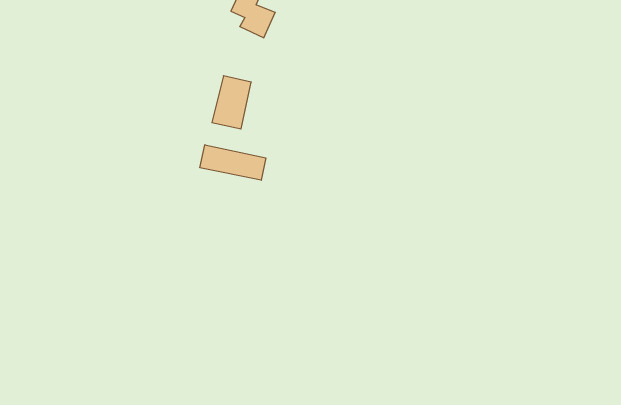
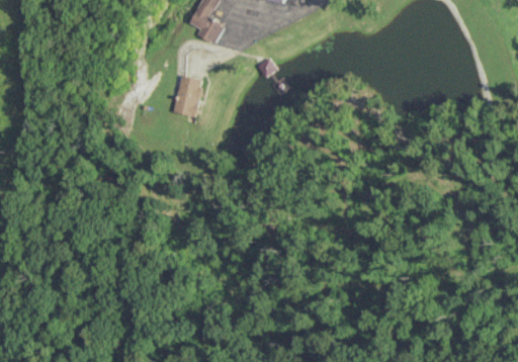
building: [200,145,266,180] -> none

